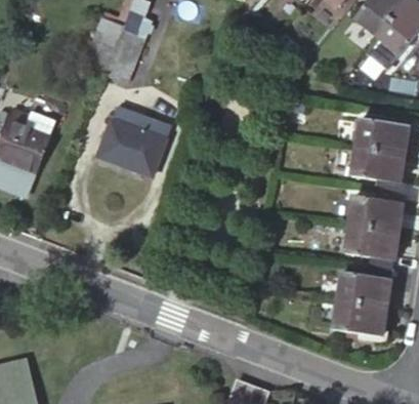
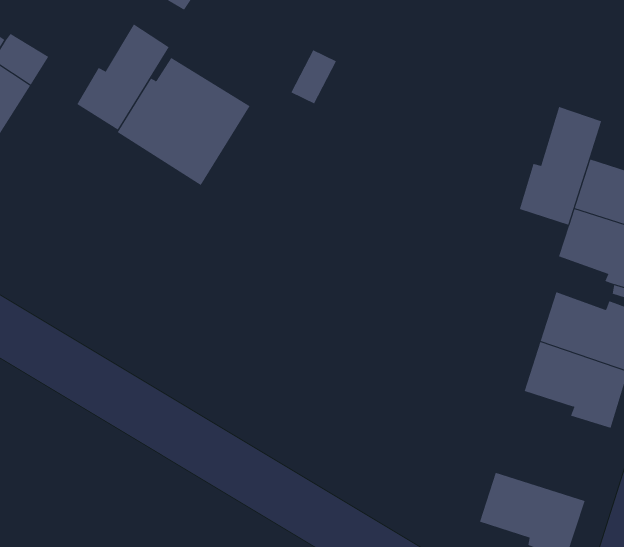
building: none -> [76,24,170,130]
building: none -> [519,106,602,225]
building: [336,273,393,309] -> none

